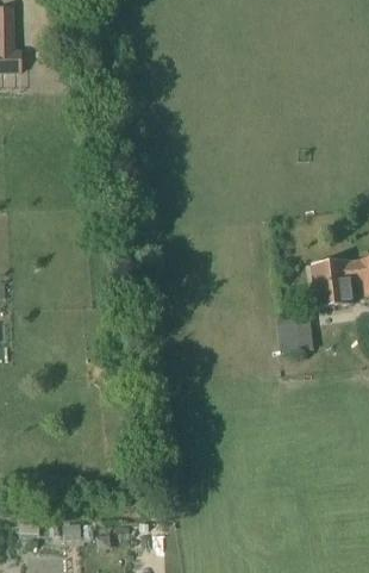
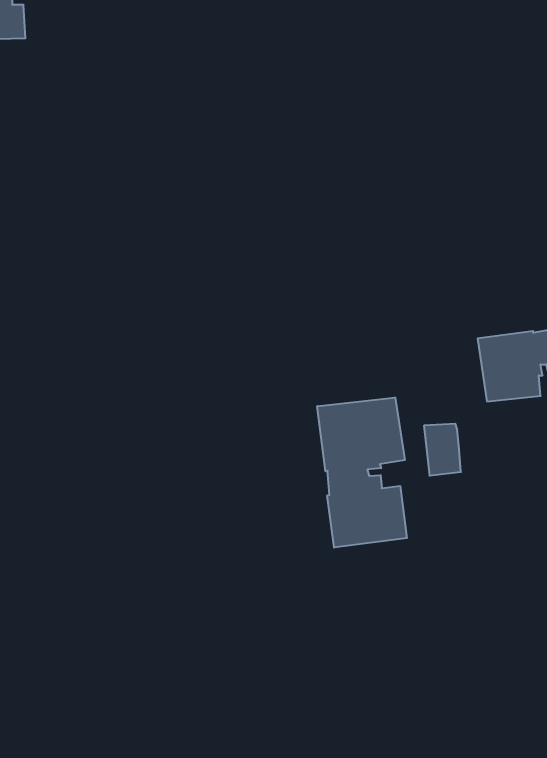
building: none -> [317,397,407,548]

